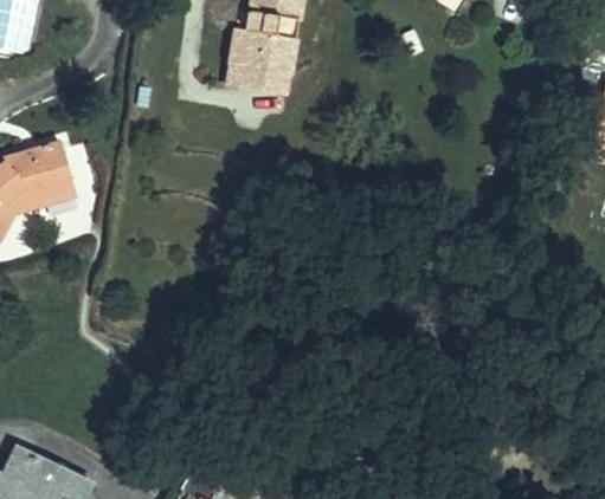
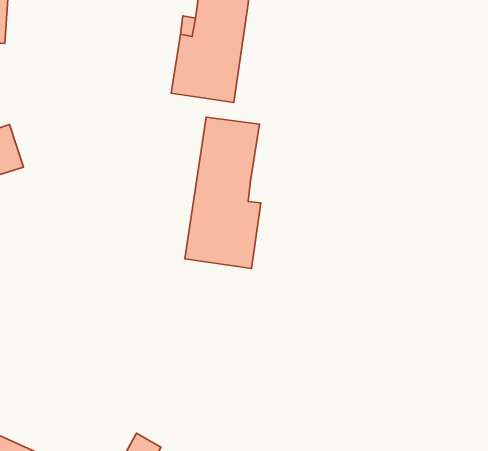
building: none -> [185,117,261,269]

